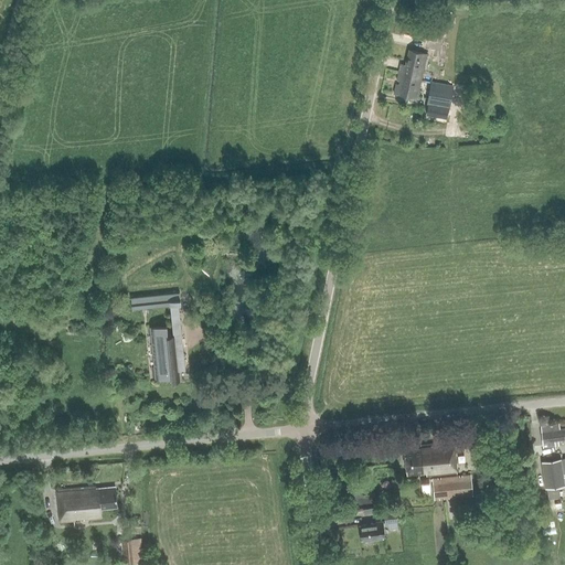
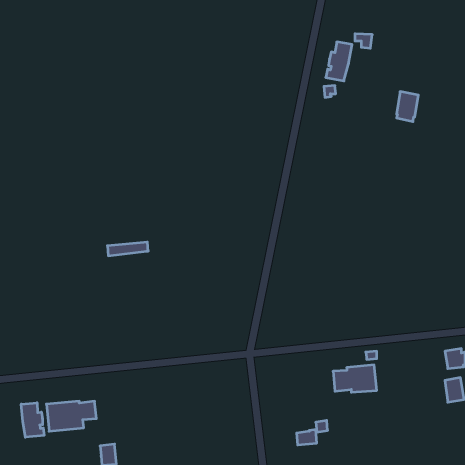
building: [427,82,454,118] -> [397,92,418,122]
building: [149,324,184,383] -> none
building: [431,475,473,501] -> none
building: none -> [21,403,44,437]

